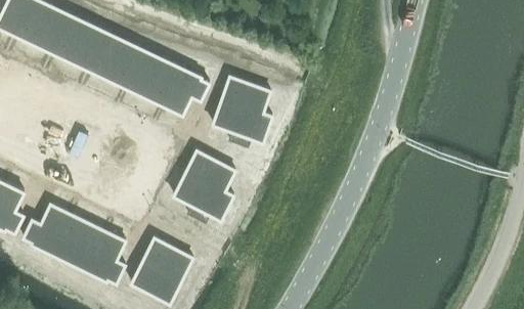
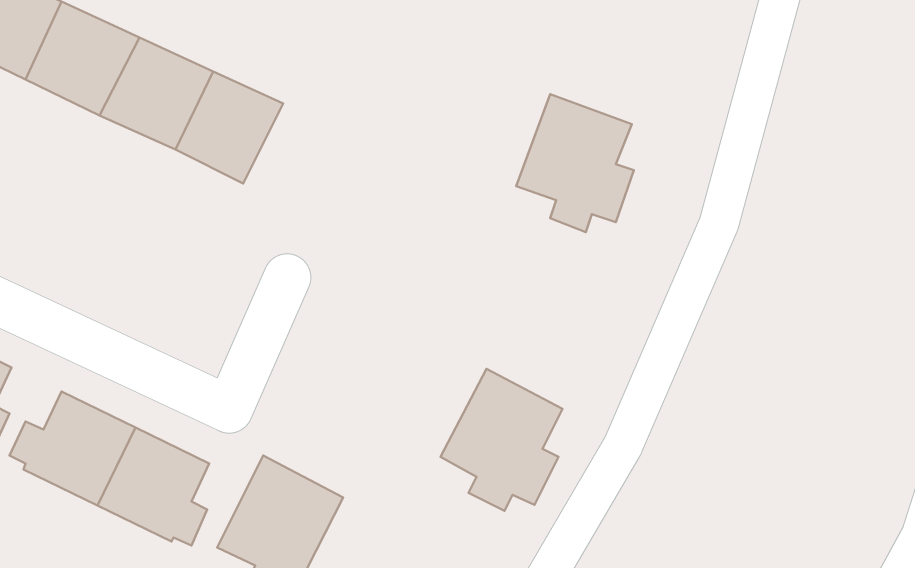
building: [142,56,203,116] -> none
building: [211,76,271,146] -> [516,94,634,232]
building: [172,149,234,222] -> [441,369,563,511]

